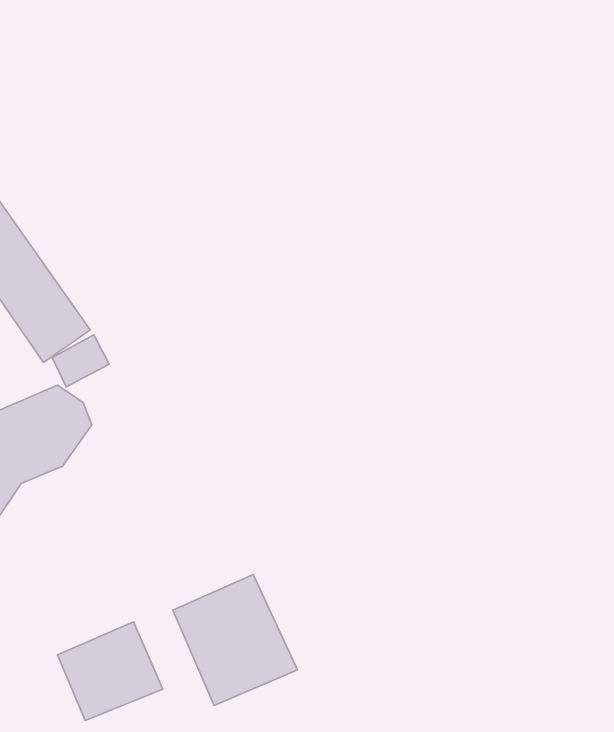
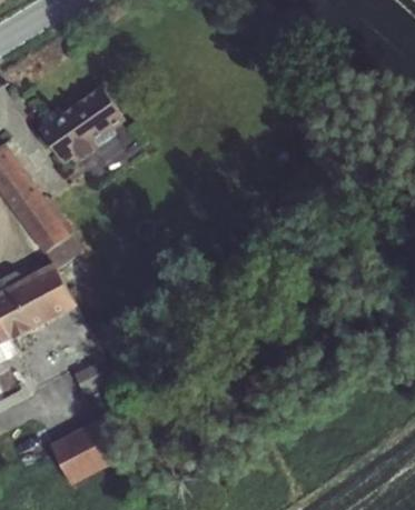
building: none -> [34,81,127,168]
building: [173,574,298,705] -> none

